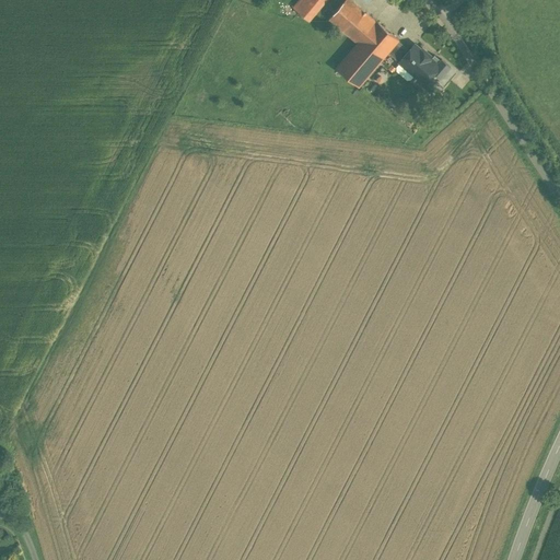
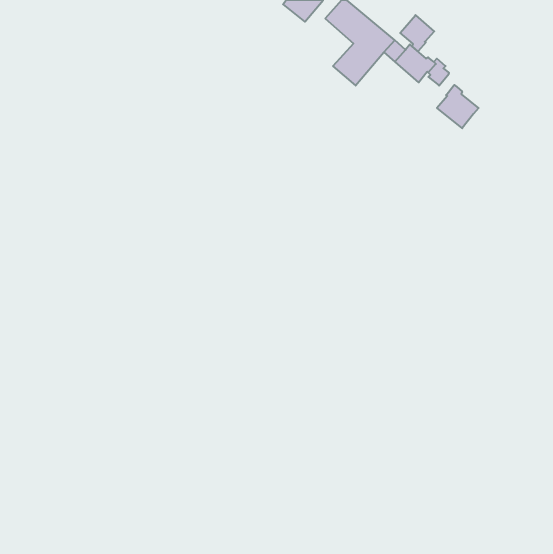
building: none -> [400,15,434,51]
building: none -> [437,85,479,128]

